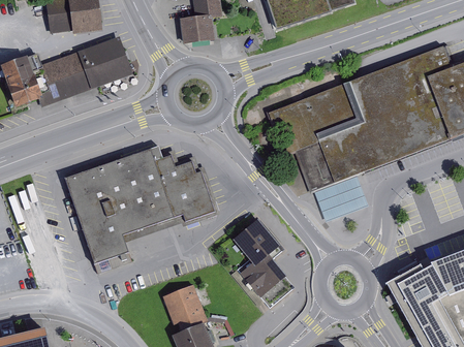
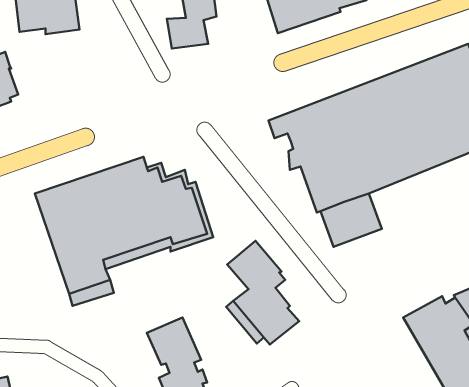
building: [37,35,132,106] -> none

